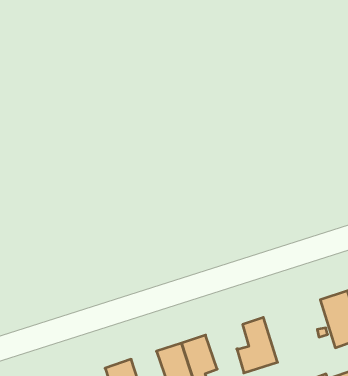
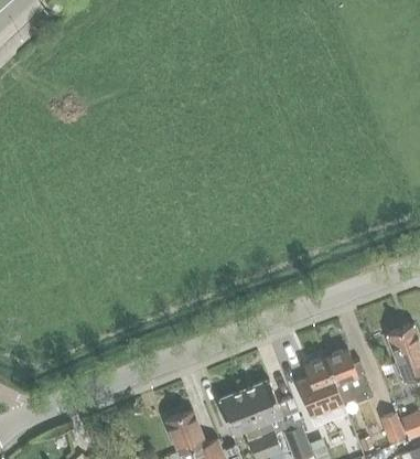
building: none -> [325,351,373,404]

